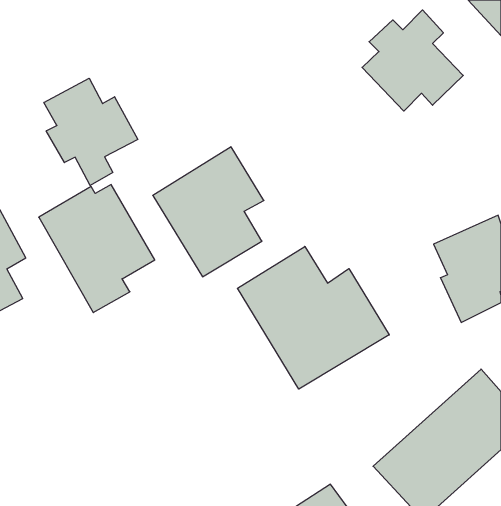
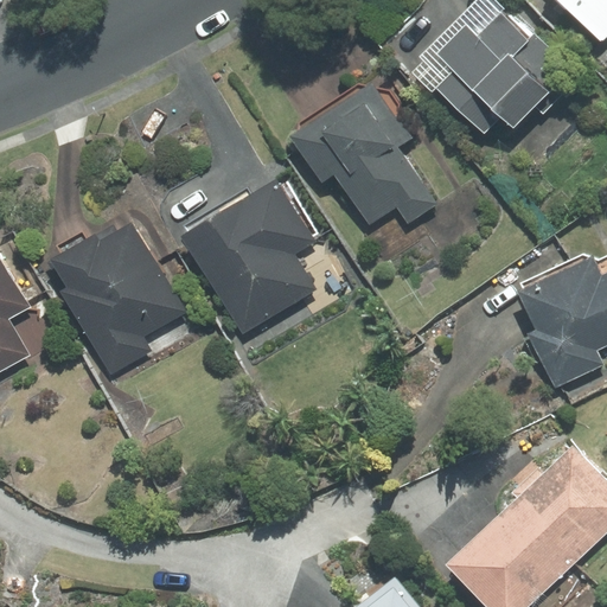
building: none -> [292,81,435,224]
building: [44,78,138,185] -> none
building: [237,246,389,389] -> none

